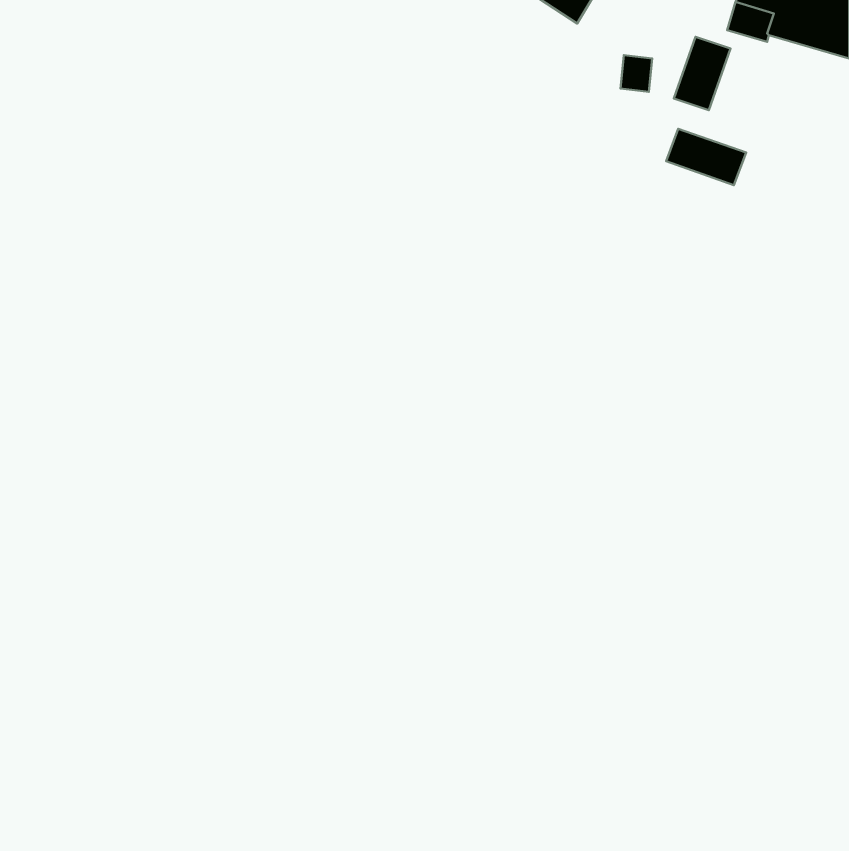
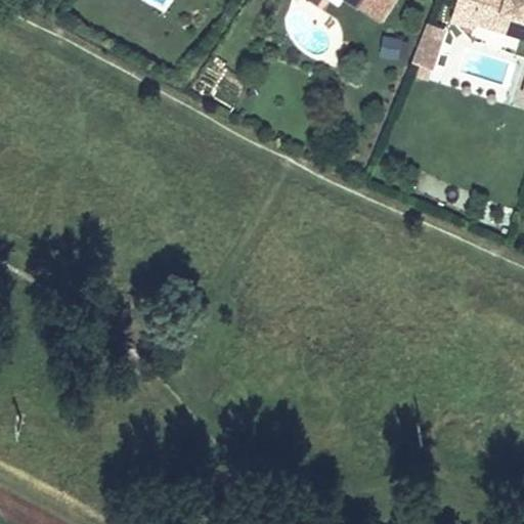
building: [666,129,746,185] -> none

